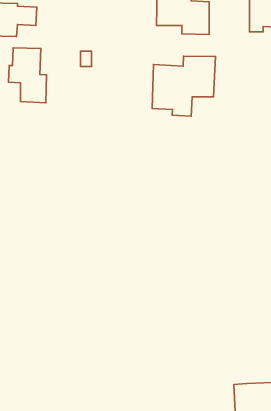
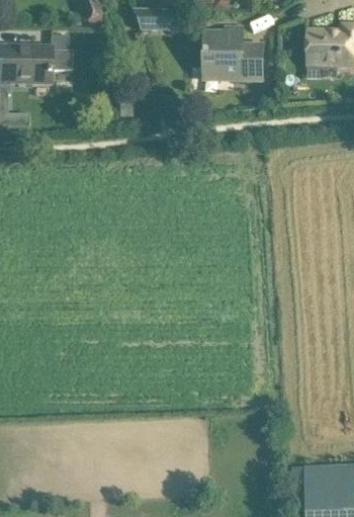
building: [8,48,46,103] -> none
building: [152,56,215,116] -> none

